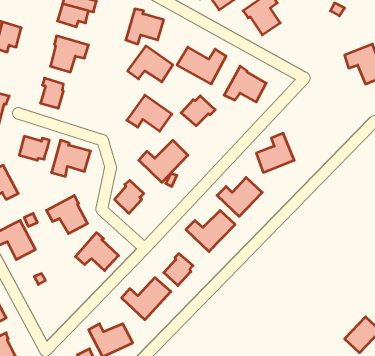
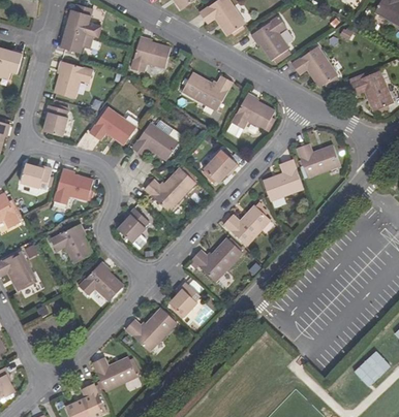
building: none -> [291,46,337,87]
building: [128,46,173,82] -> [88,105,134,142]
building: [181,96,215,126] -> [204,151,239,182]
building: none -> [296,146,339,179]

